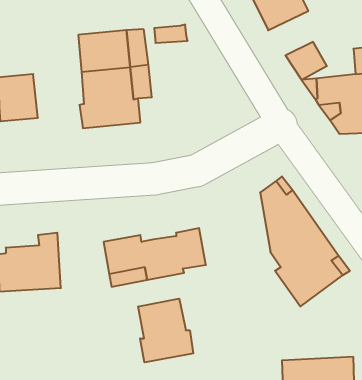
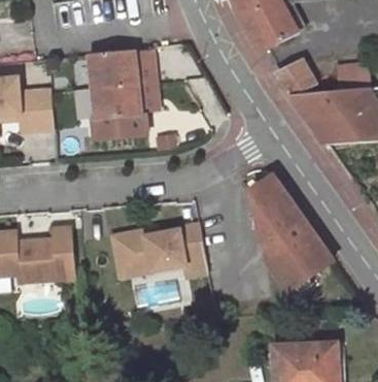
building: [138,299,193,362] -> none

